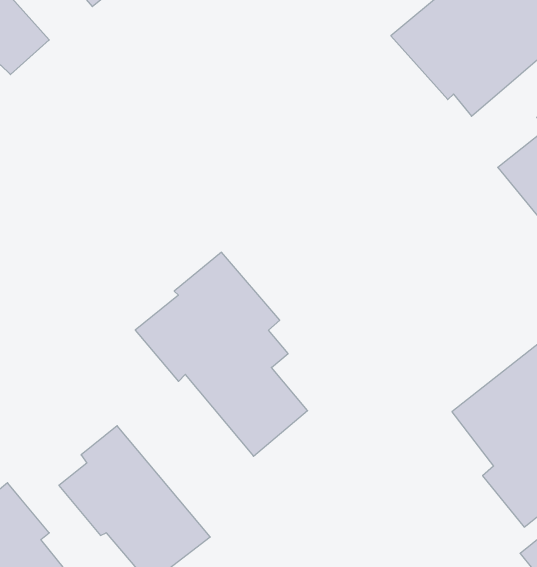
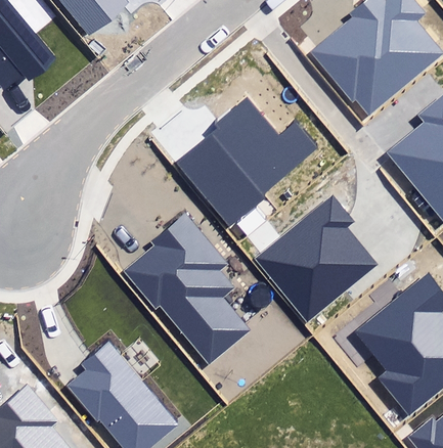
building: none -> [181,96,314,219]
building: none -> [255,194,379,322]

